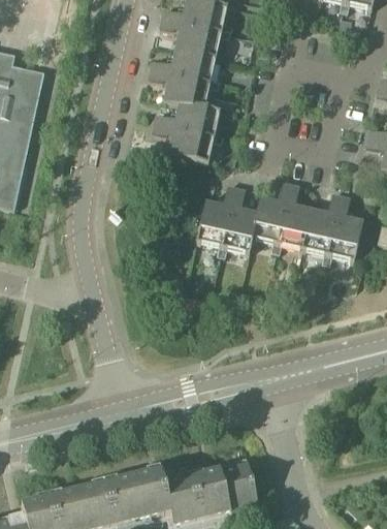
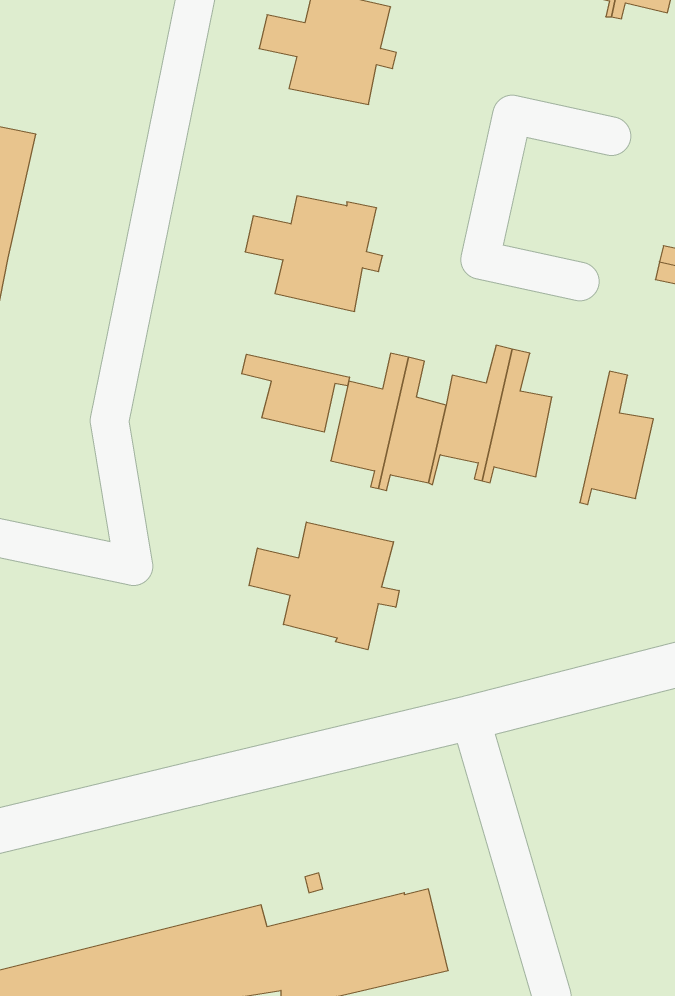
building: [148,46,219,107] -> none
building: none -> [242,354,349,432]
building: [302,191,341,261] -> none
building: none -> [249,522,399,650]

